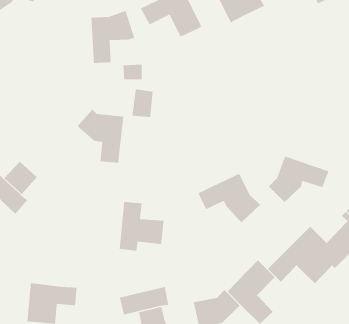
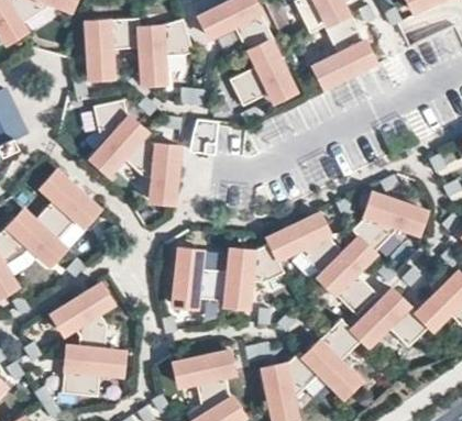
building: none -> [314,13,373,86]
building: none -> [85,18,140,77]
building: none -> [229,41,293,106]
building: none -> [90,99,146,174]
building: none -> [40,170,97,224]
building: none -> [317,236,377,317]
building: none -> [224,243,284,307]
building: none -> [52,284,111,350]

